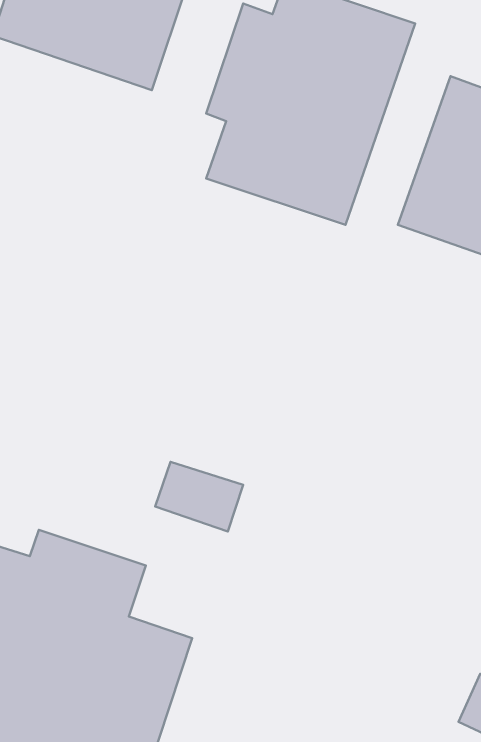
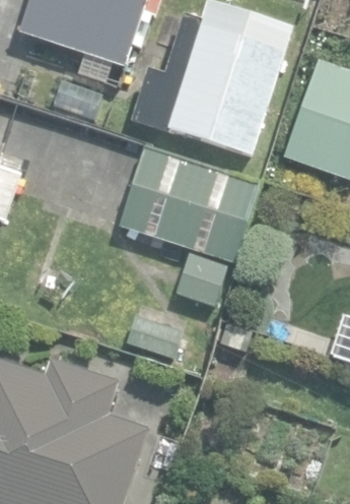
building: none -> [121,145,262,263]

